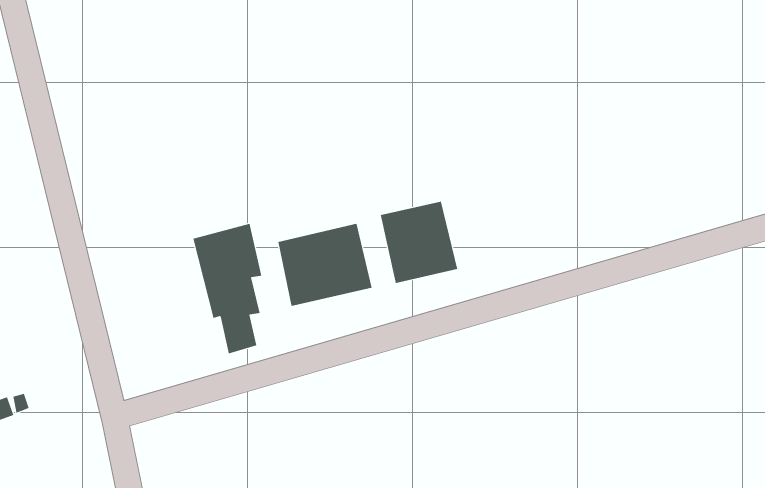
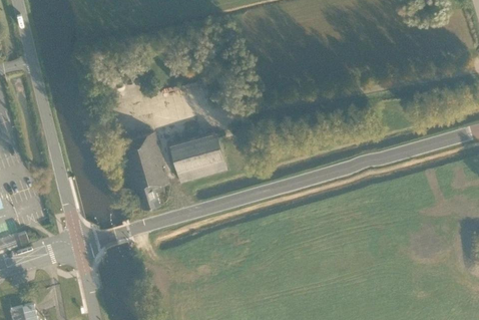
building: [380,201,458,284] -> none

